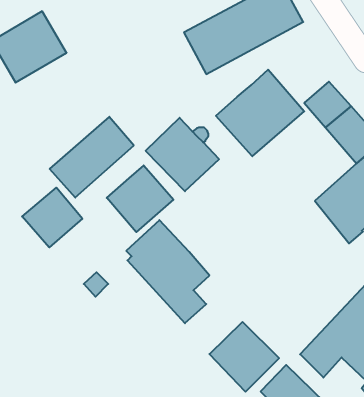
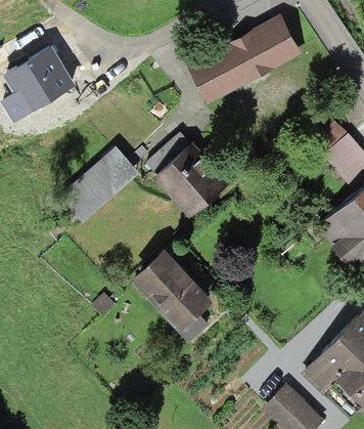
building: [216,70,304,156] -> none
building: [107,165,173,232] -> none
building: [22,188,82,247] -> none
building: [209,322,279,392] -> none

